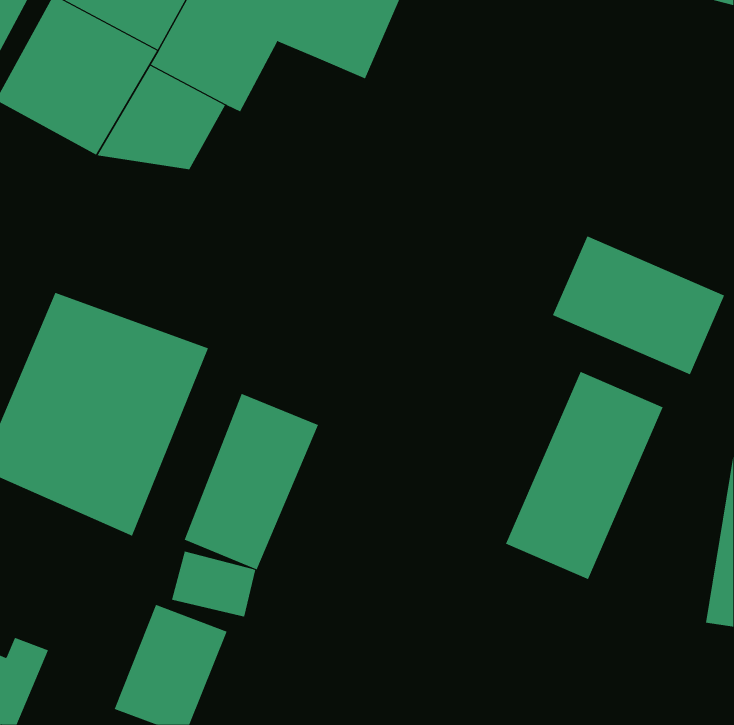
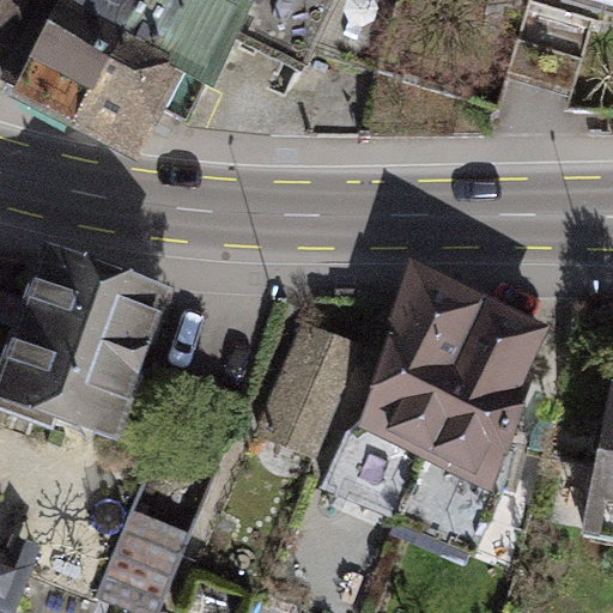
building: [552,236,725,375] -> none
building: none -> [347,277,482,453]
building: [184,393,319,570] -> [253,305,365,453]

